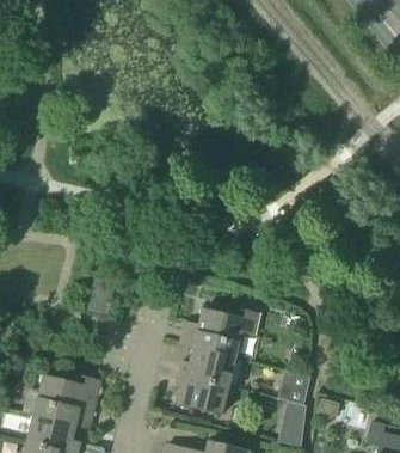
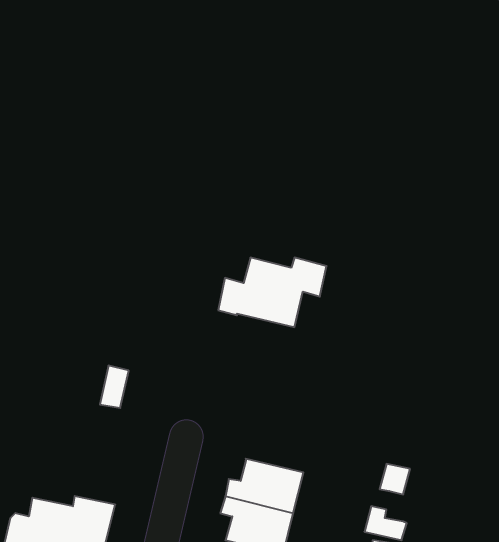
building: [180,308,257,357] -> [218,258,327,327]

